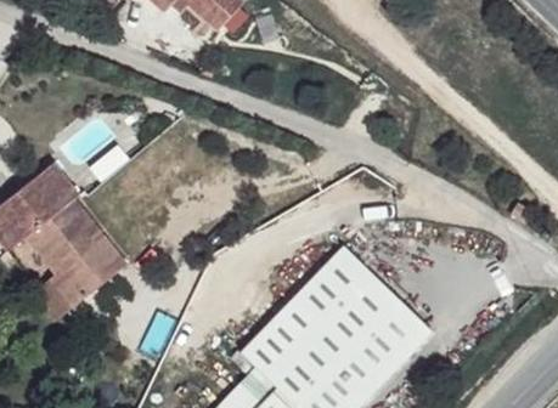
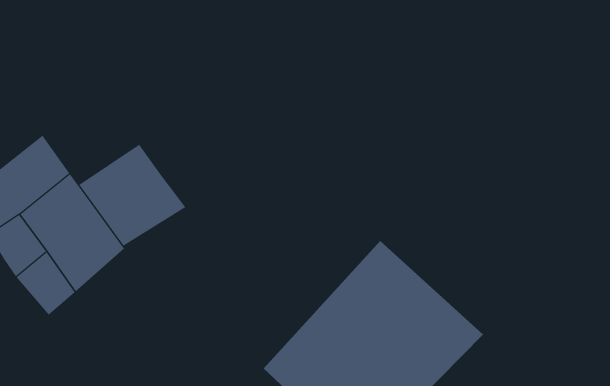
building: none -> [78,144,186,246]

